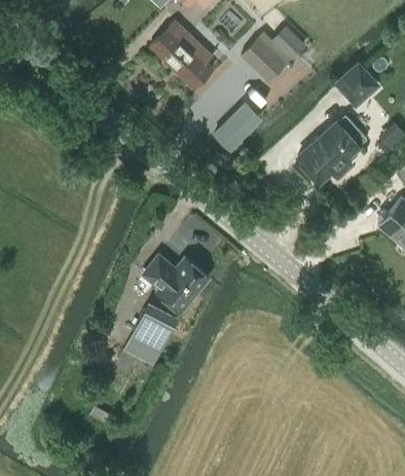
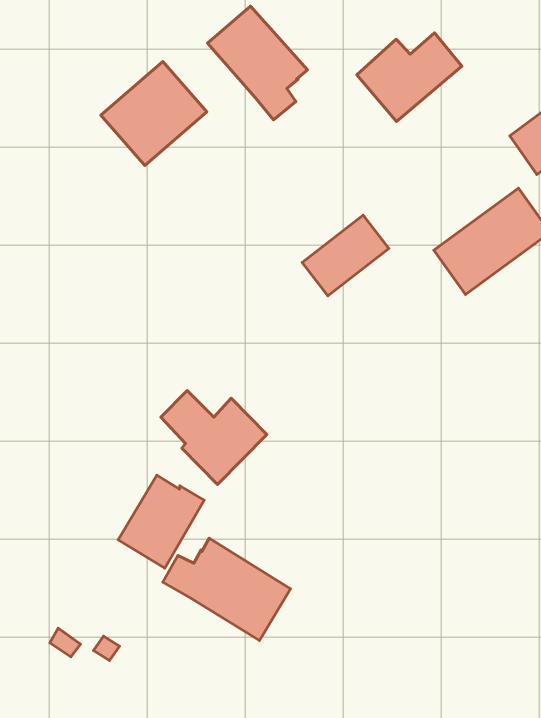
building: none -> [101,61,207,166]
building: [214,99,265,149] -> [302,215,389,296]
building: none -> [163,538,290,640]

